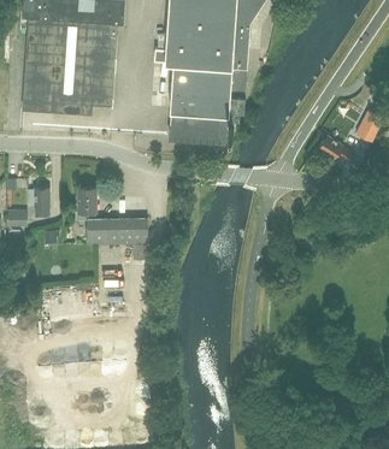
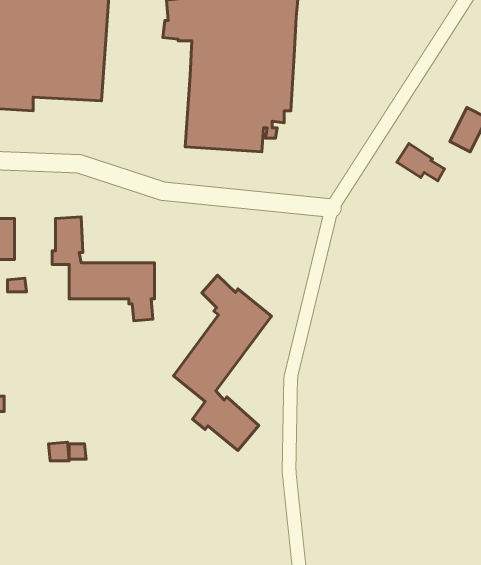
building: none -> [173,275,271,450]

